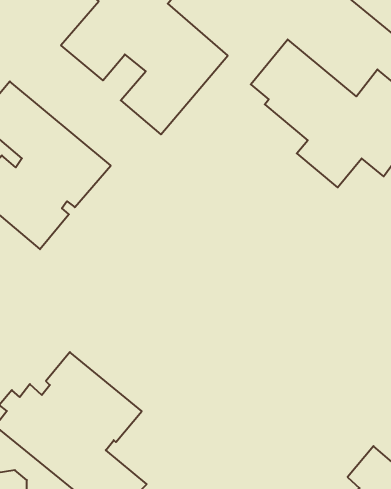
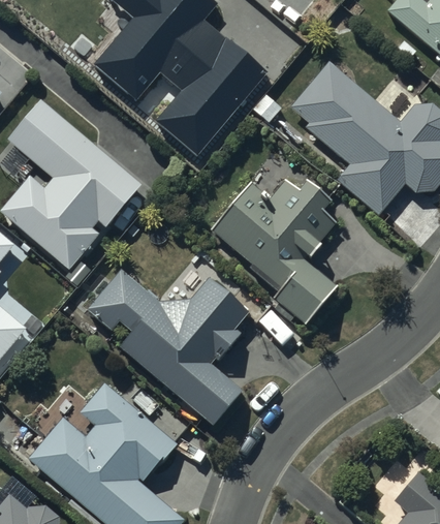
building: none -> [210,178,339,323]
building: none -> [92,276,249,430]

